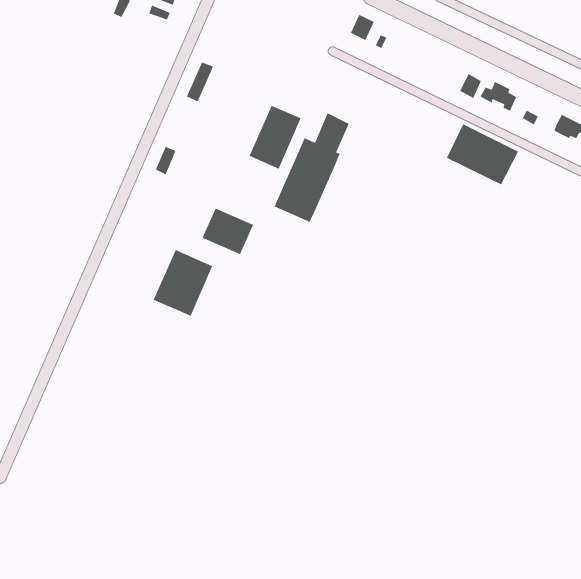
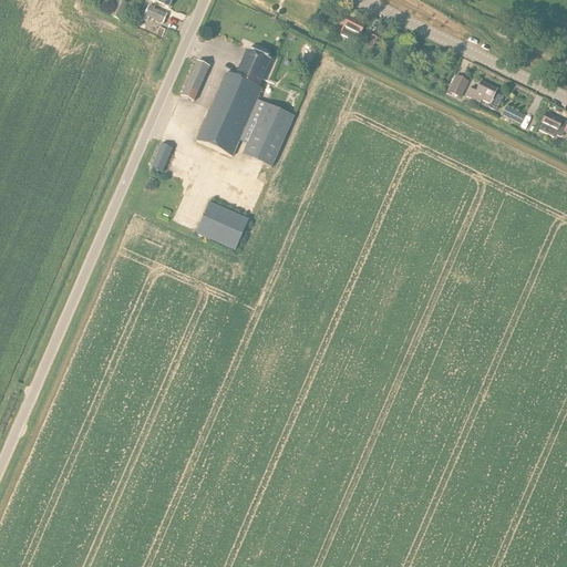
building: [274,112,350,223] -> [196,48,270,155]
building: [446,123,519,185] -> none
building: [153,249,213,317] -> none

